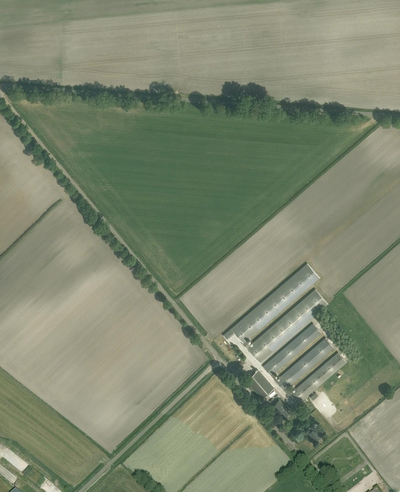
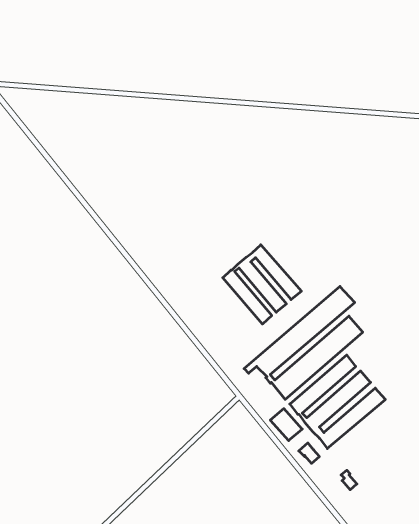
building: none -> [223,245,301,324]

